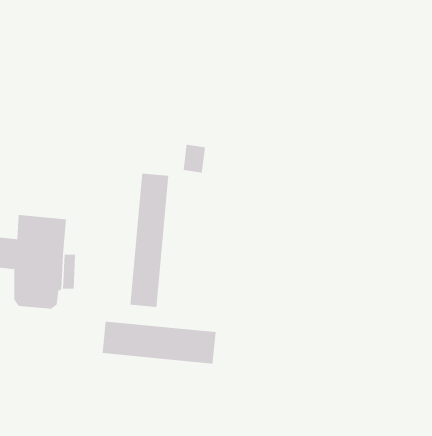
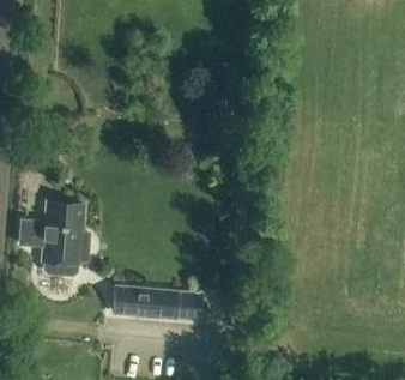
building: [130,173,169,308] -> none

